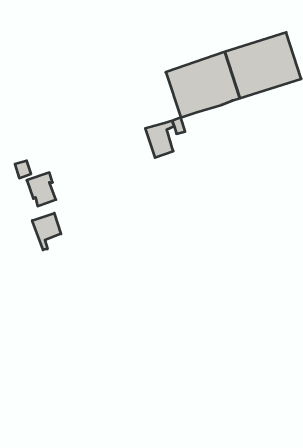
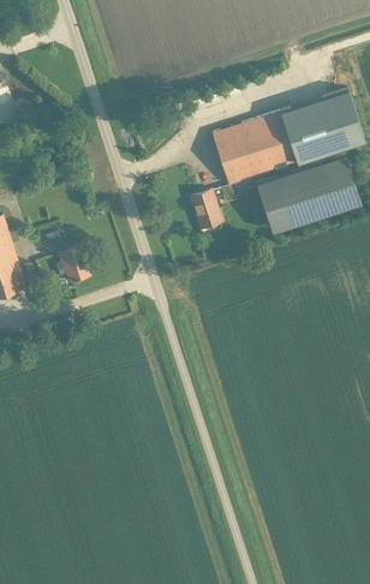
building: none -> [256,155,359,230]
building: [32,213,61,250] -> none

